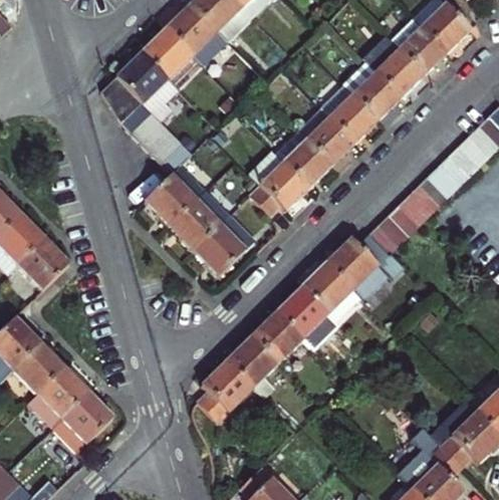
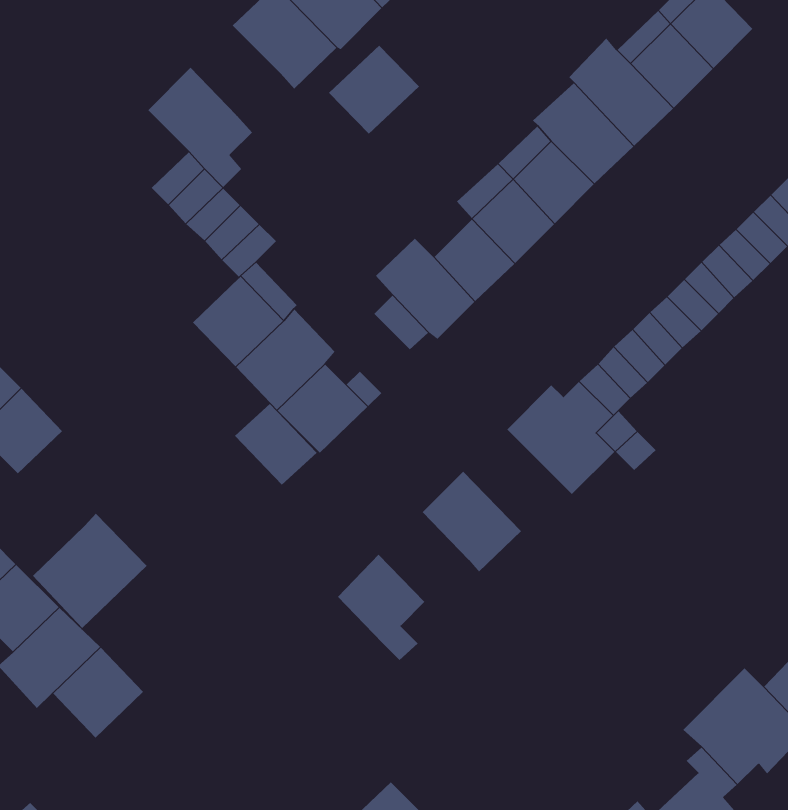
building: [142,28,194,80] -> none
building: none -> [328,45,420,135]
building: [100,77,141,122] -> none
building: none -> [234,403,318,485]
building: [300,263,359,322] -> none
building: [251,311,303,363] -> none
building: none -> [32,513,148,629]
building: [197,360,253,422] -> none

